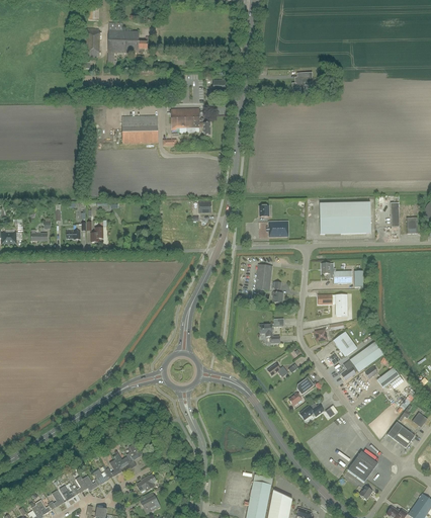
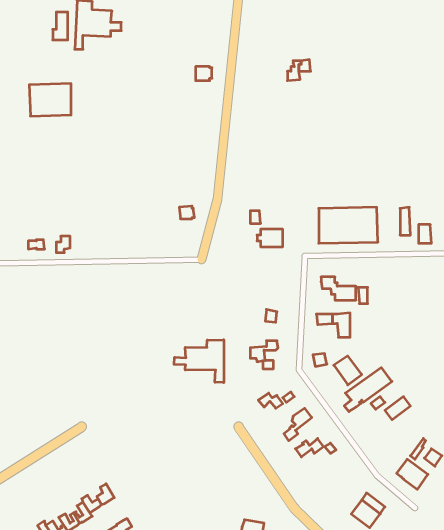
building: [171,107,210,135] -> none
building: [121,114,158,143] -> [29,84,71,116]
building: [255,263,272,289] -> none
building: none -> [174,340,224,383]

